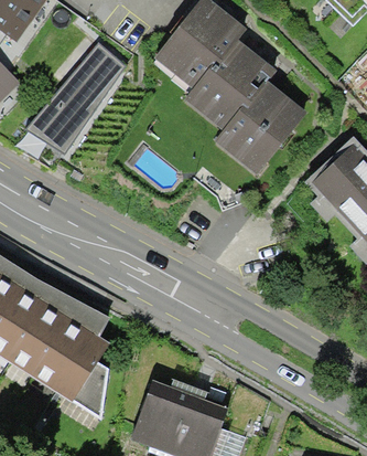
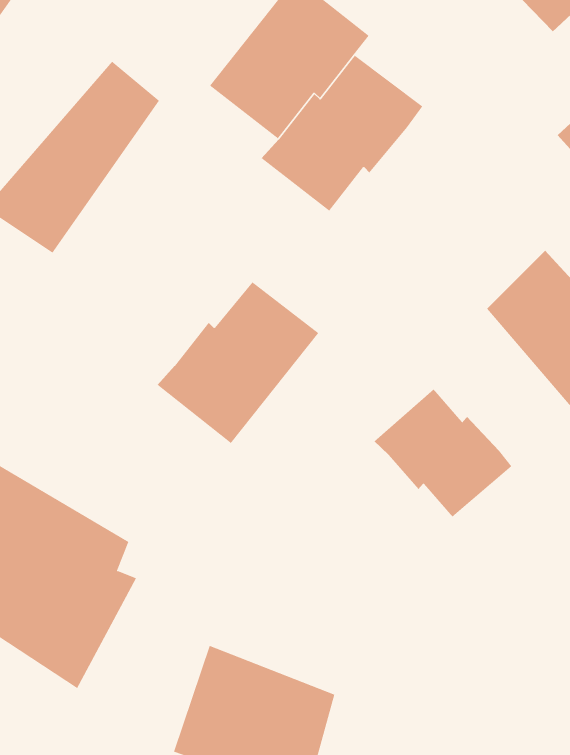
building: [214,81,307,174] -> [157,282,319,444]
building: none -> [374,388,512,517]

